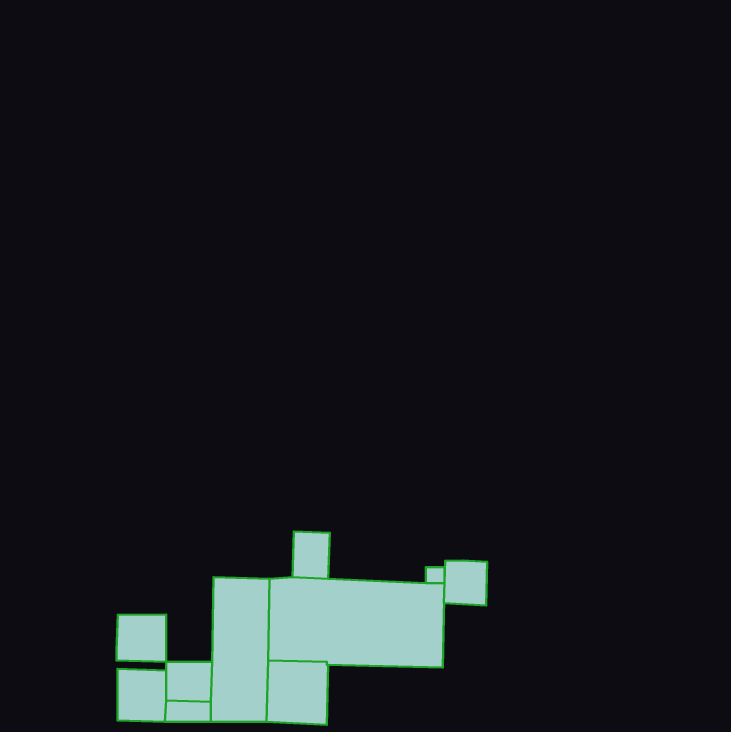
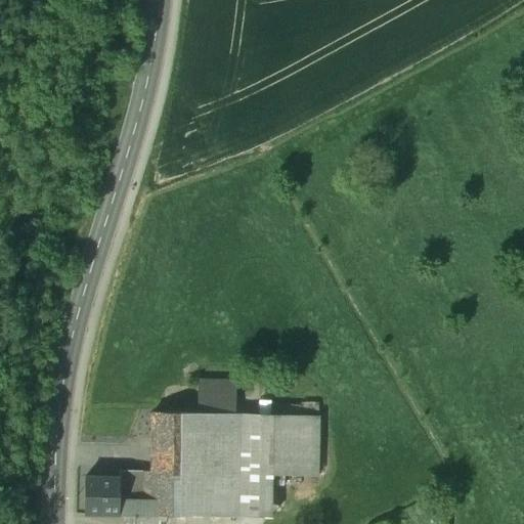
building: [444,561,487,605] -> none
building: [116,614,166,662] -> none
building: none -> [234,475,274,518]

